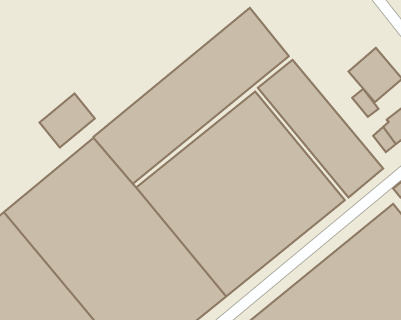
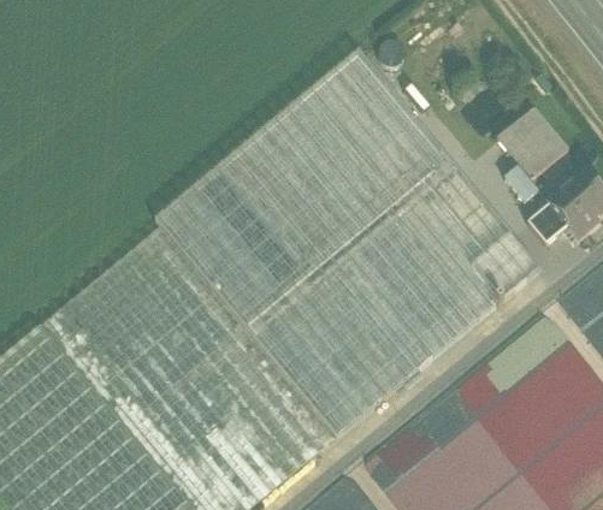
building: [40,94,95,147] -> none

